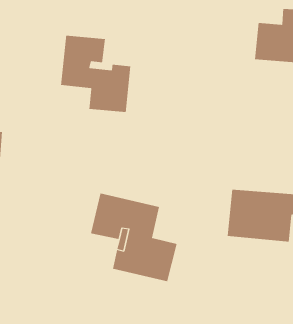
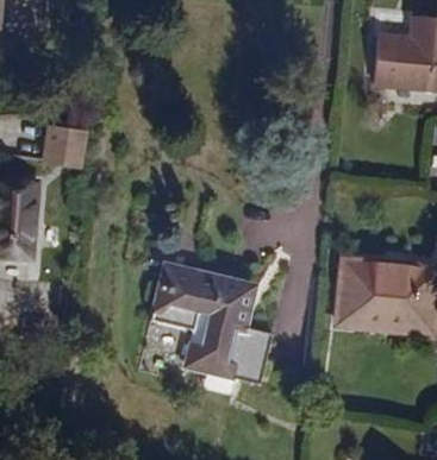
building: [61,35,131,113] -> none
building: none -> [45,125,85,163]

